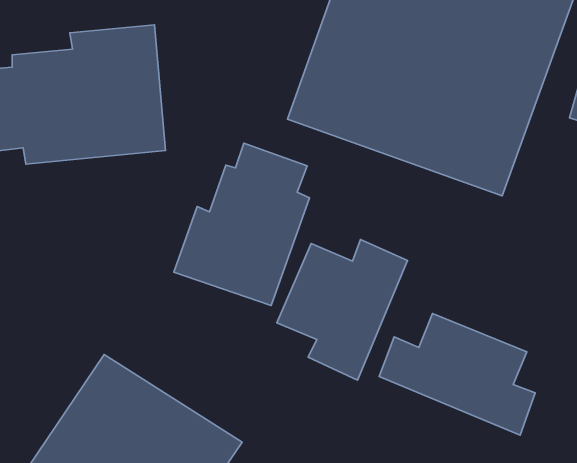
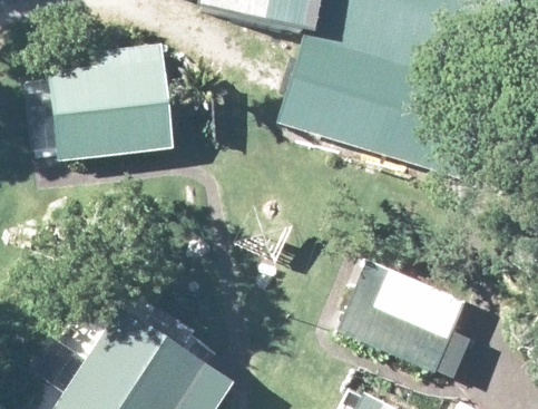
building: [174,143,310,306] -> none
building: [277,240,408,380] -> none

